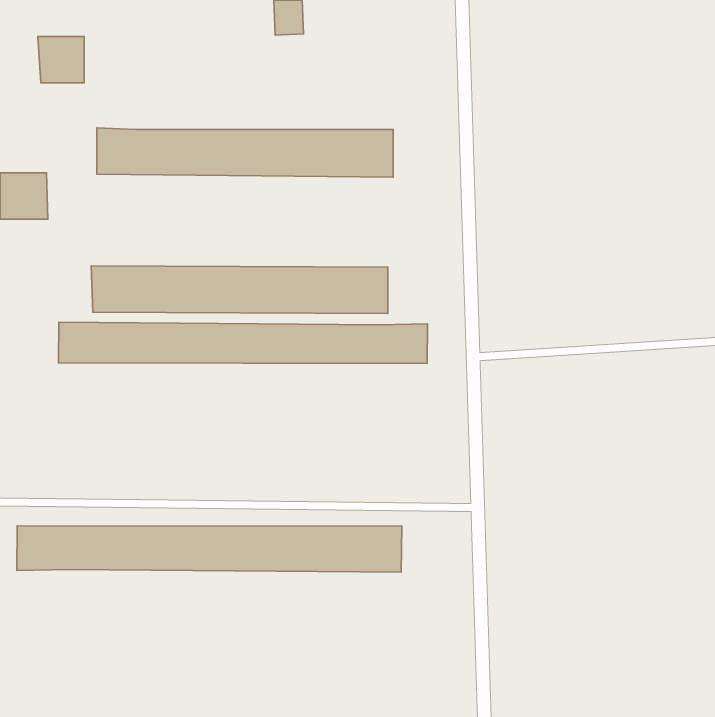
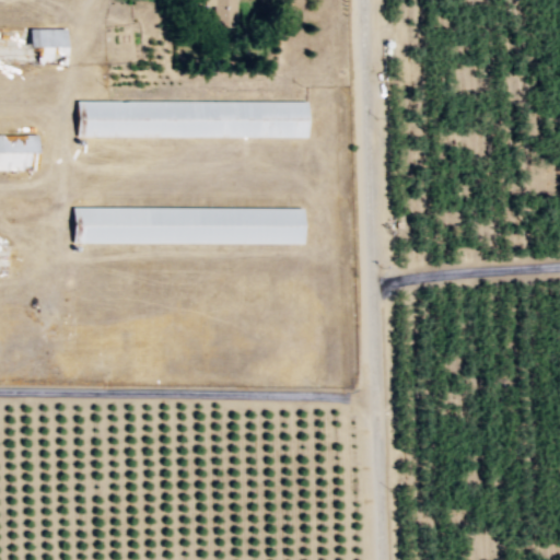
building: [59,322,428,363] -> none
building: [17,526,402,572] -> none

